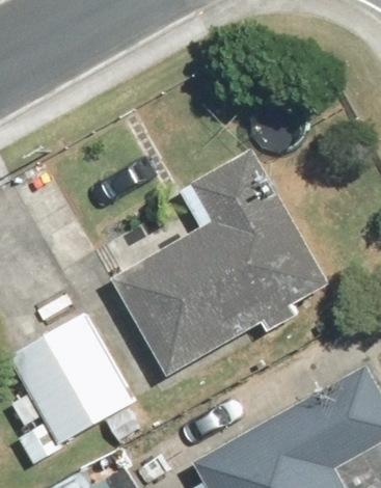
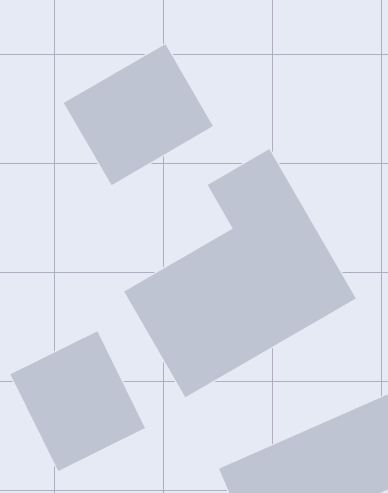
building: none -> [63,43,214,186]

